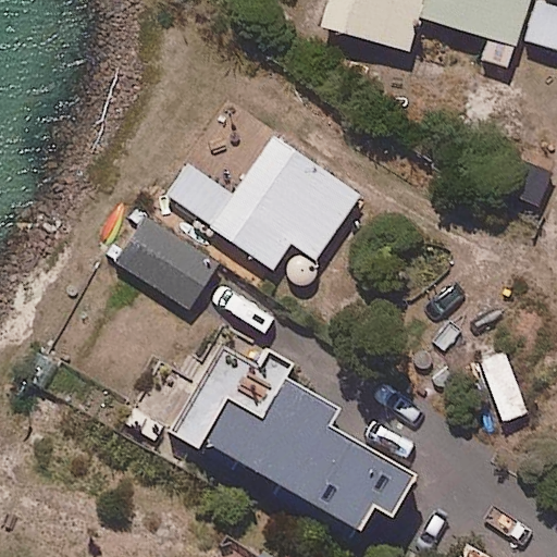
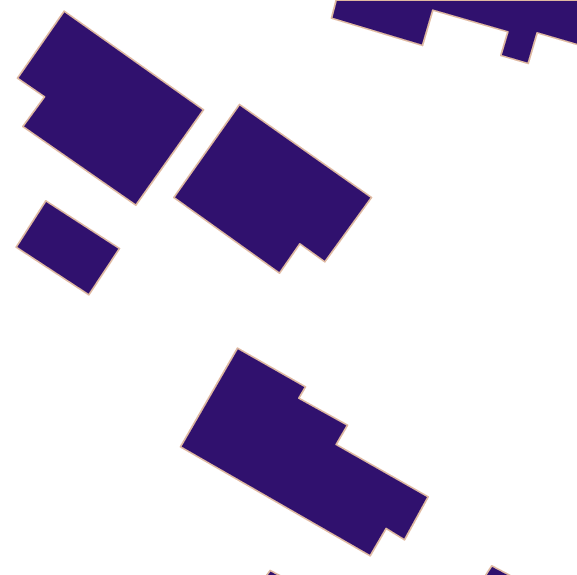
building: none -> [17,11,204,205]
building: [119,218,218,308] -> [16,201,120,295]

